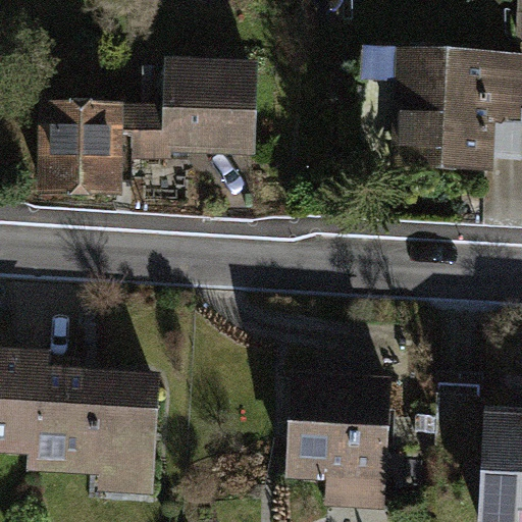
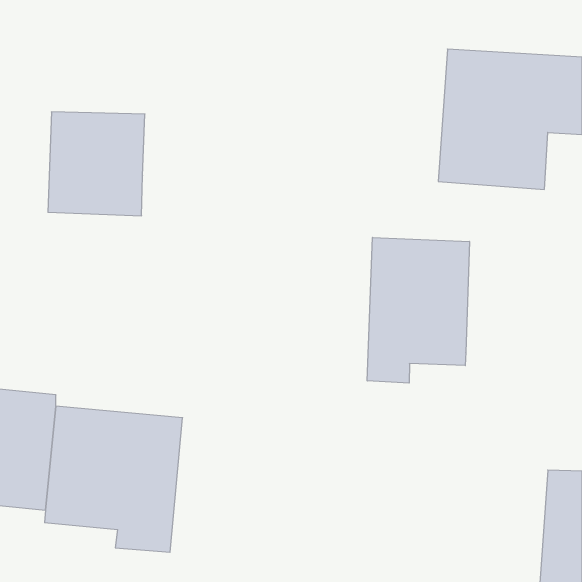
building: [127,57,259,159] -> none
building: none -> [367,237,469,383]
building: [285,371,390,514] -> none

